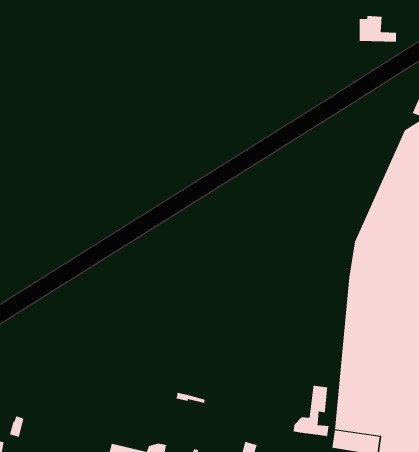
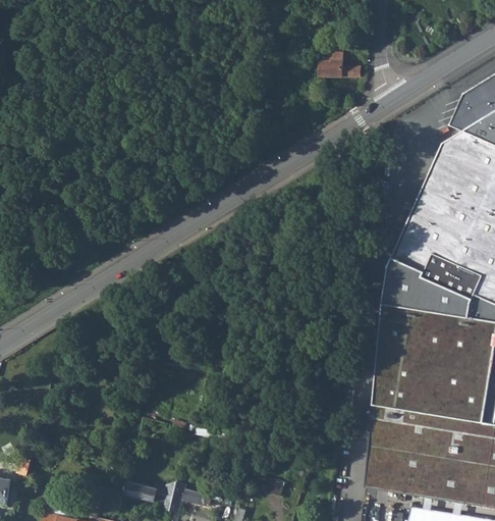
building: [359,16,397,42] -> [320,50,361,79]
building: [293,385,329,437] -> none

